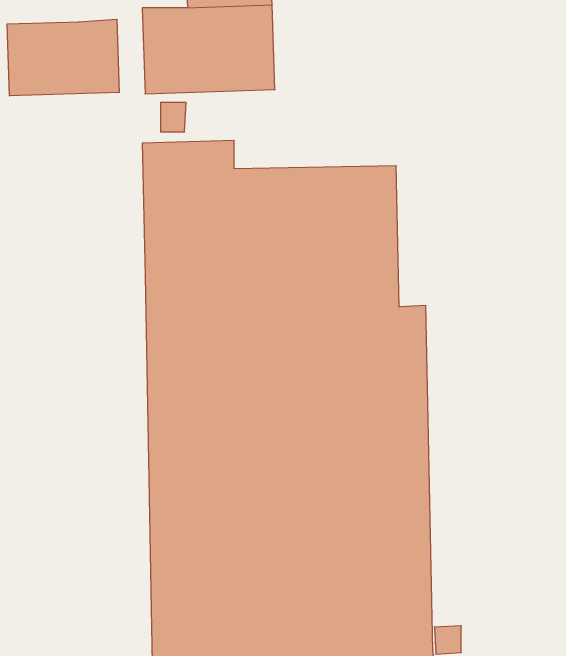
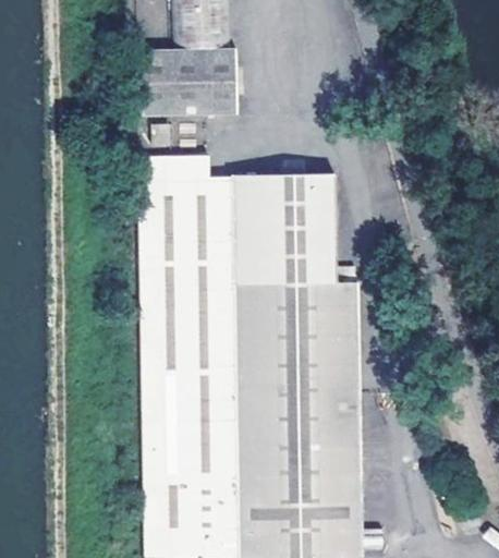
building: [7,19,119,96] -> none

